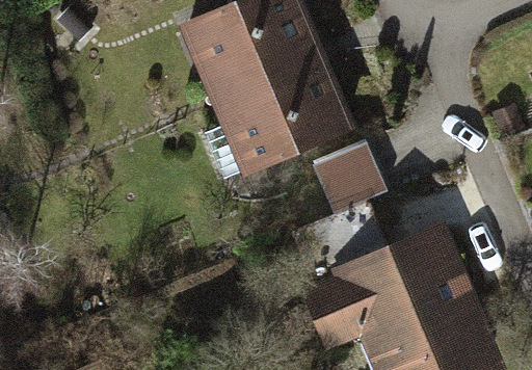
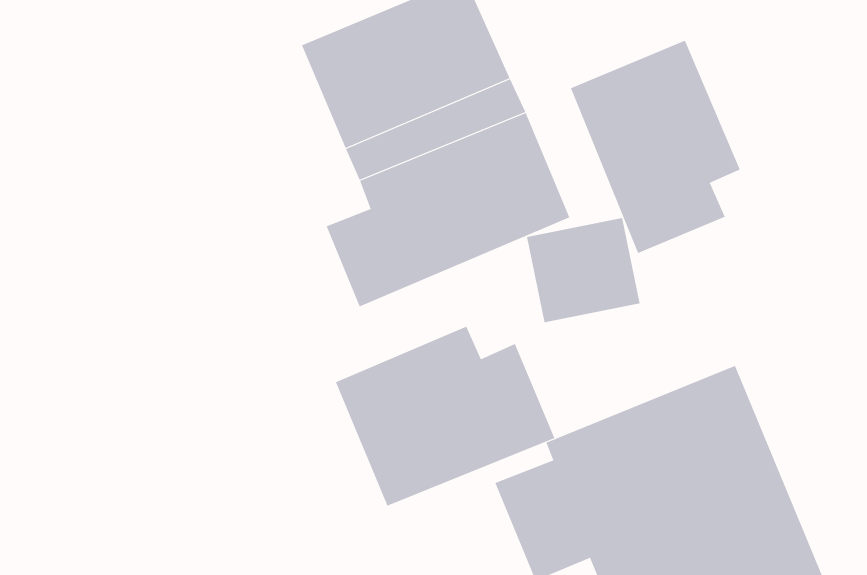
building: none -> [570,40,740,254]
building: none -> [335,326,555,506]

